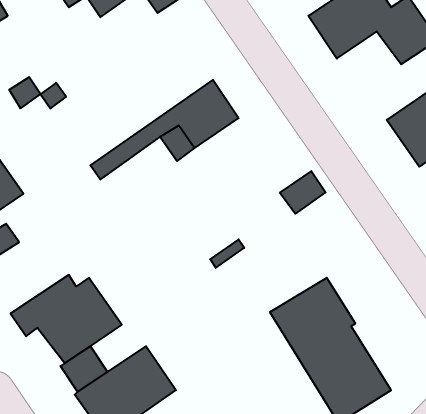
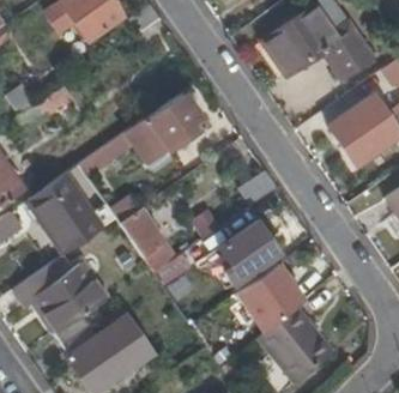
building: none -> [30,164,117,252]
building: none -> [121,207,176,272]
building: none -> [220,222,280,285]

